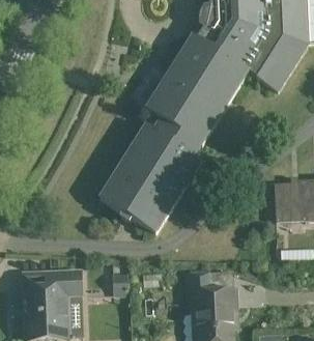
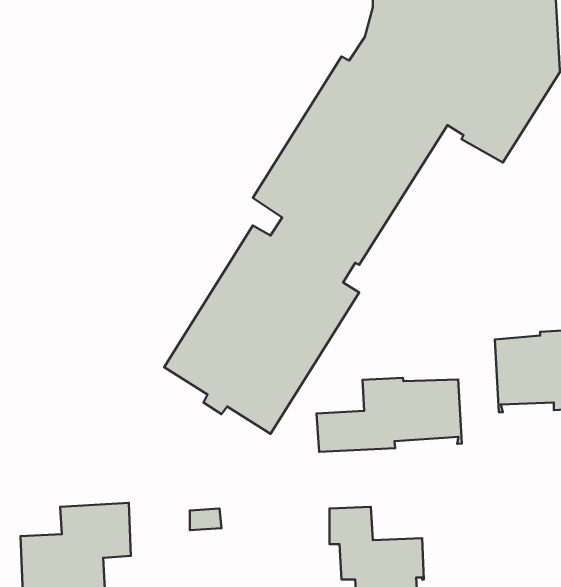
building: none -> [317,378,462,452]

